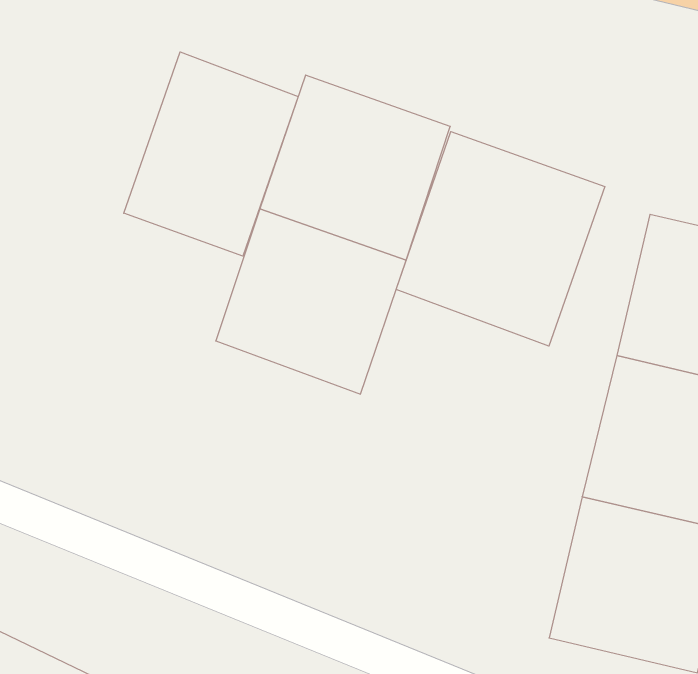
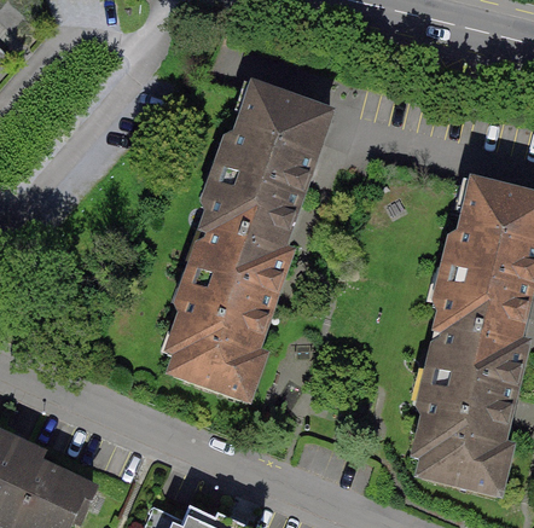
building: [124,52,298,256] -> none
building: [396,132,605,346] -> none
building: none -> [150,265,275,387]

